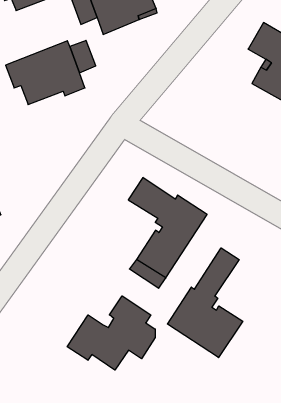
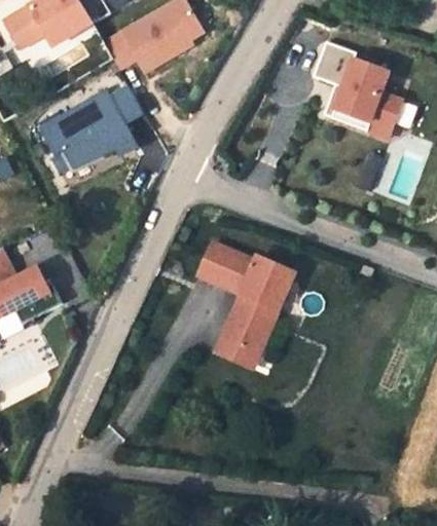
building: [167,248,243,358] -> none
building: [67,296,155,370] -> none

